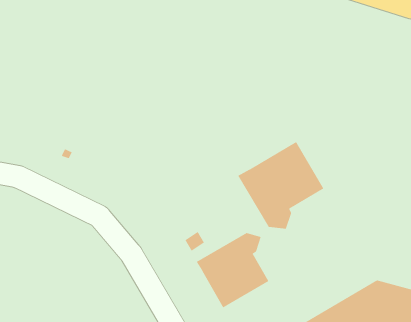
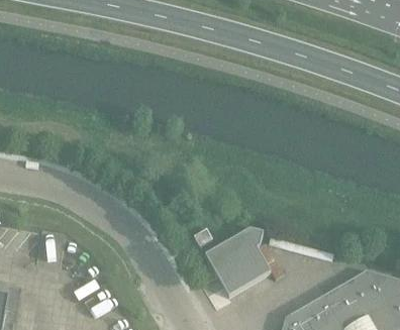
building: [238,141,324,230] -> none

